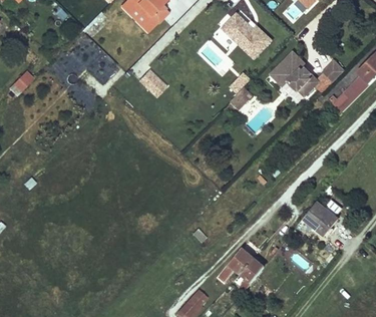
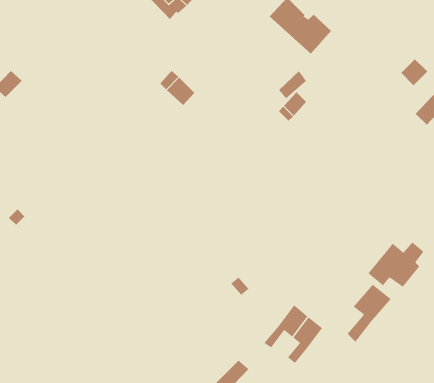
building: [271,51,318,95] -> none
building: none -> [347,284,392,342]

